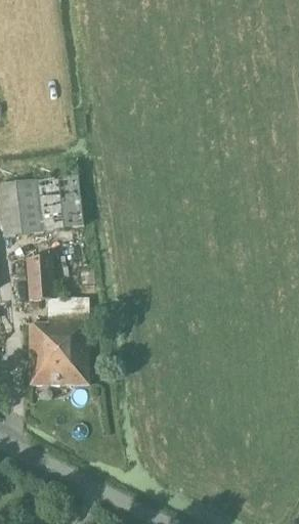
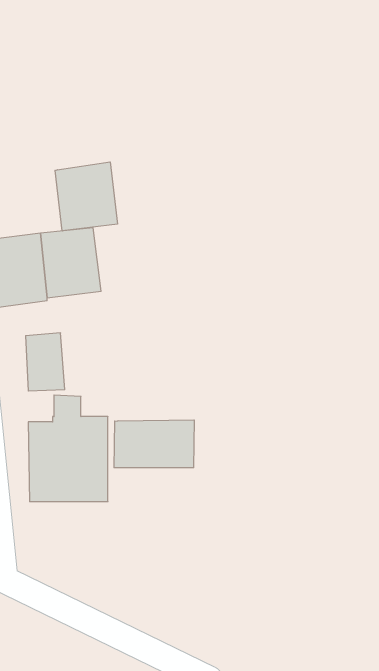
building: none -> [55,162,117,231]
building: none -> [114,420,194,468]

